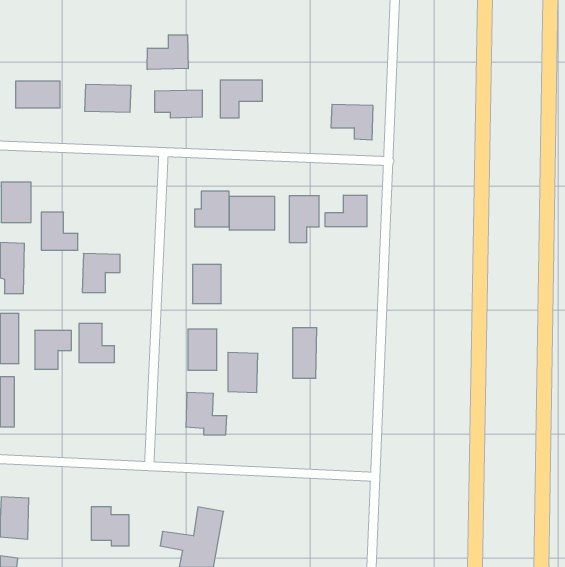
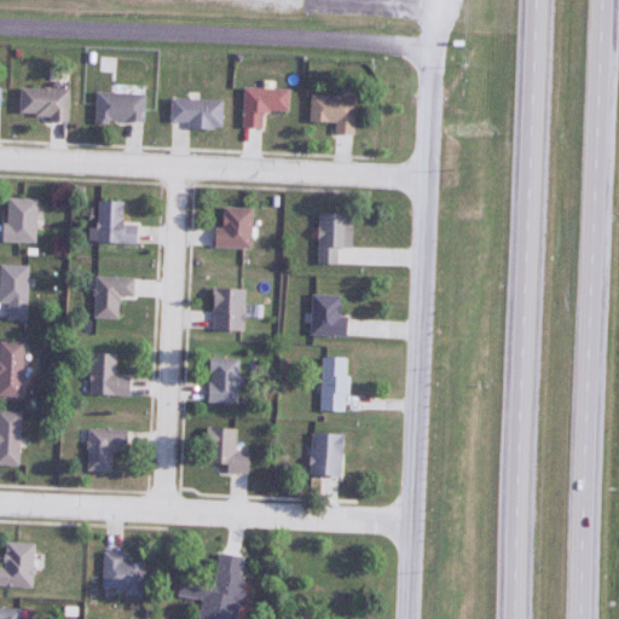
building: [147,35,188,70] -> none
building: [331,104,373,140] -> [310,96,355,134]
building: [325,195,367,227] -> none
building: [229,196,274,230] -> none
building: [41,212,78,250] -> [98,201,138,242]
building: none -> [311,295,345,335]
building: [35,330,71,369] -> [87,428,127,470]
building: [228,352,258,393] -> [311,433,343,476]

